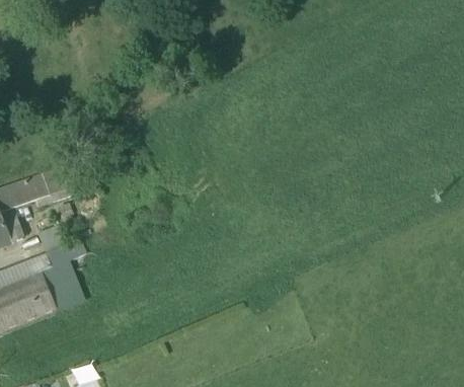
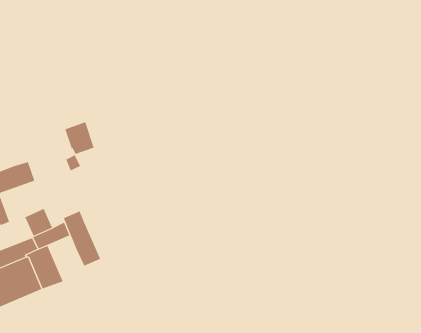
building: [42,167,73,202] -> [64,121,95,155]
building: none -> [63,210,101,267]

